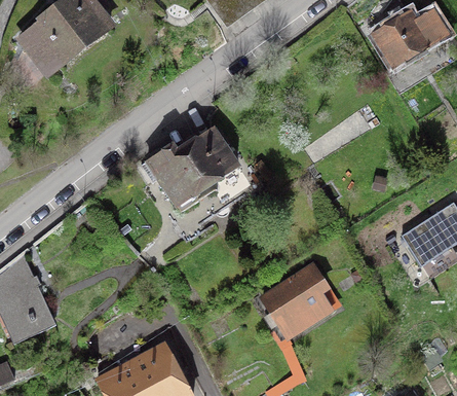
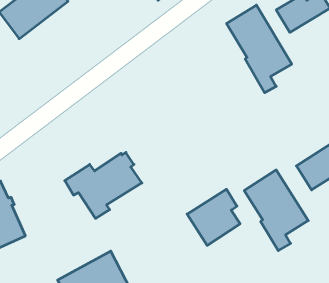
building: none -> [227,5,292,93]
building: [141,129,239,213] -> [65,152,142,218]
building: none -> [244,170,308,251]

